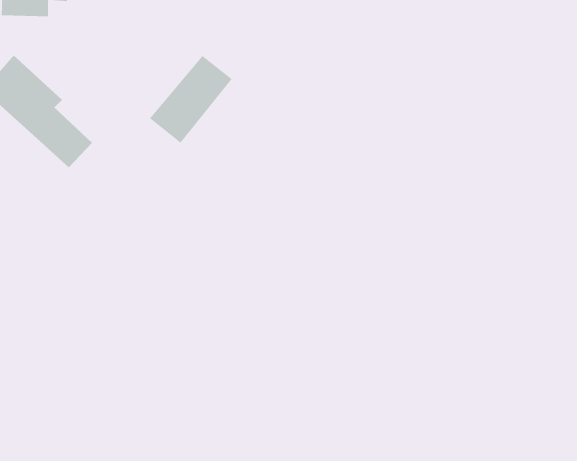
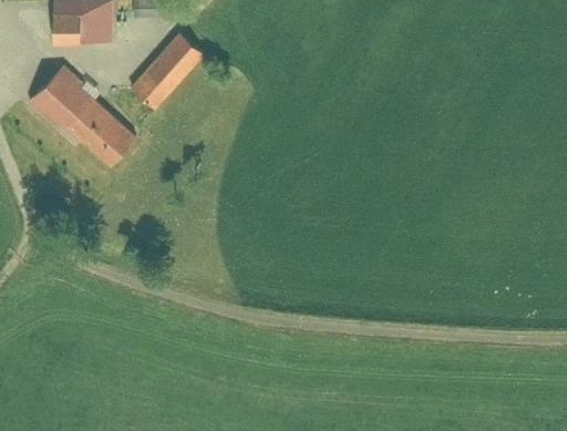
building: [149,55,232,143] -> [135,28,208,105]

